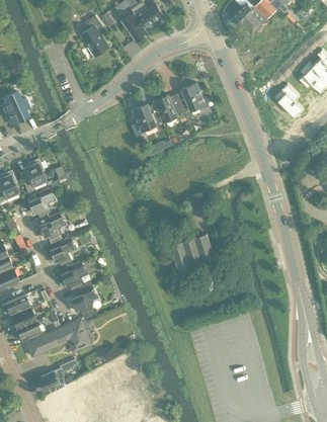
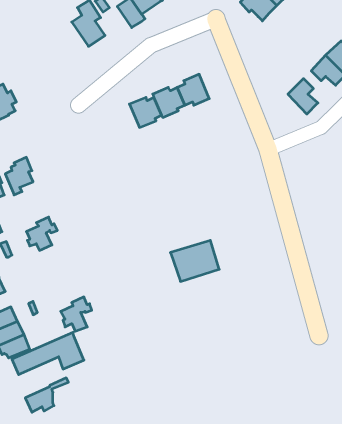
building: [26,187,55,217] -> none
building: [48,235,76,265] -> none
building: [59,261,87,289] -> none

